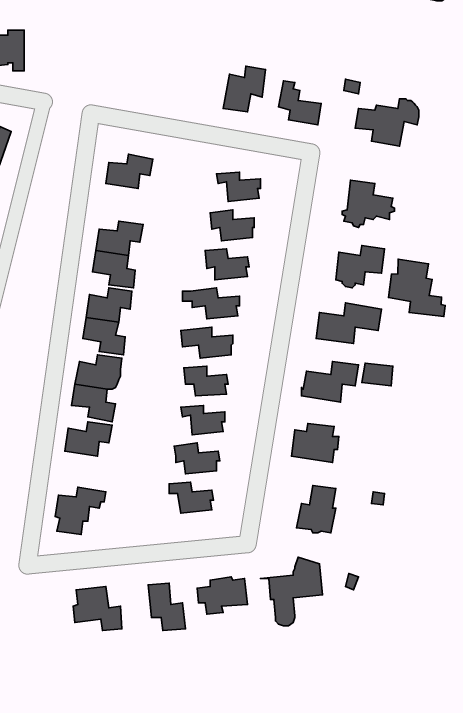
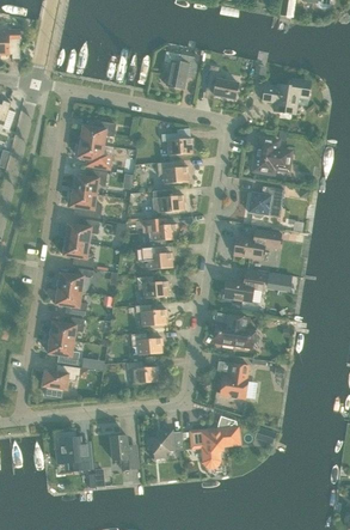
building: none -> [76,141,109,169]
building: [388,259,445,316] -> none
building: none -> [47,337,79,365]

